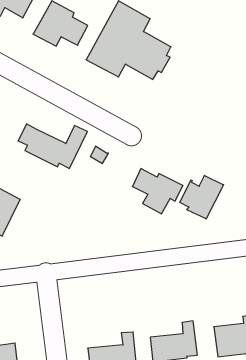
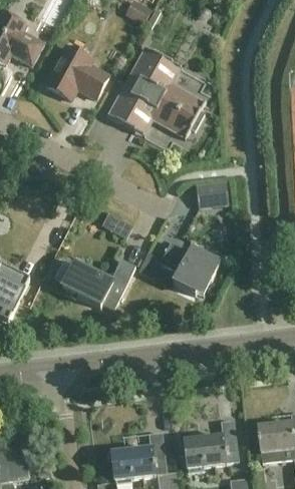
building: none -> [196,180,230,207]
building: [18,124,87,168] -> [54,257,135,309]
building: [180,175,224,219] -> none

